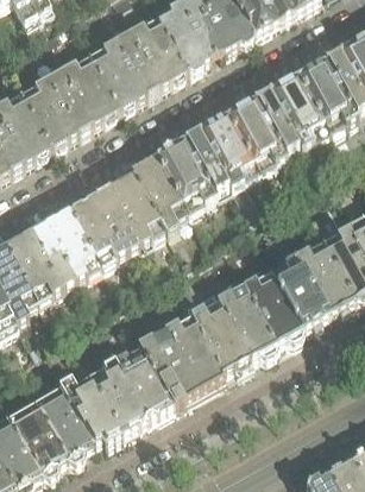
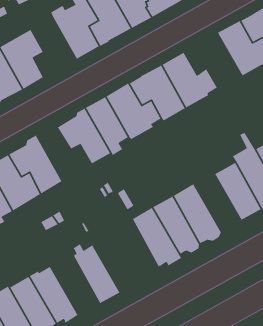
building: [62,55,120,133] -> none
building: [257,75,331,149] -> none
building: [69,195,139,264] -> none
building: [262,215,329,328] -> none
building: [138,311,226,405] -> none
building: [86,340,150,435] -> none

